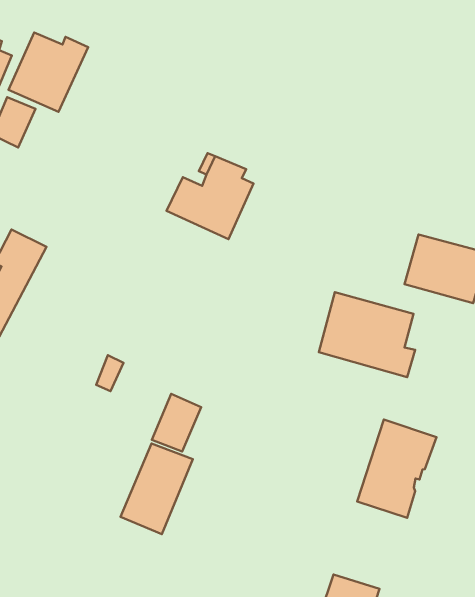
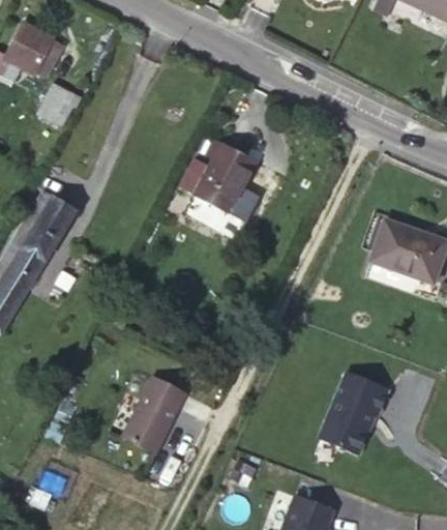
building: [9,32,88,112] -> none
building: [319,292,415,377] -> none
building: [152,394,201,451] -> none

